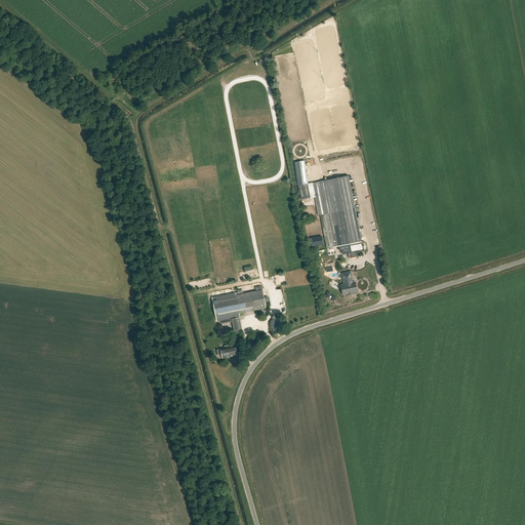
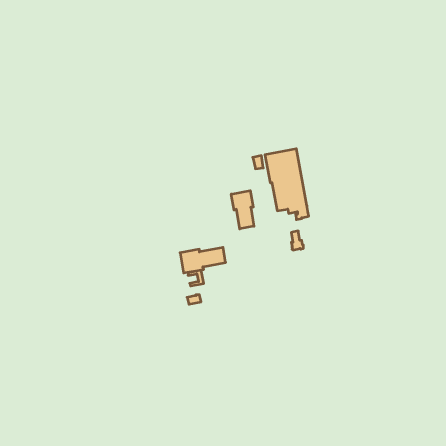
building: none -> [231,191,254,229]

